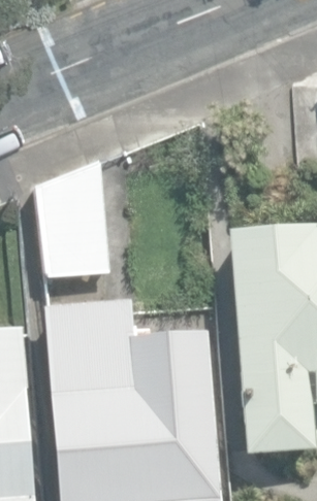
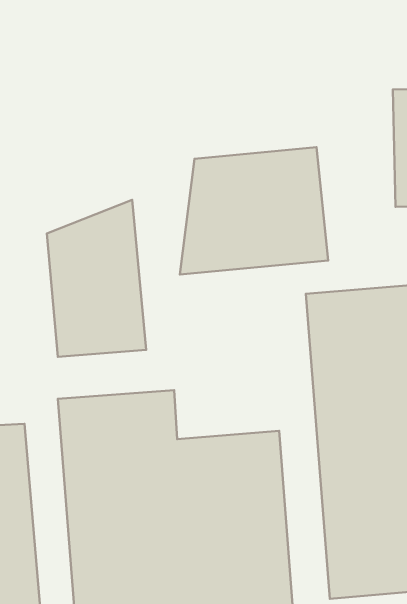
building: none -> [180,147,328,274]

